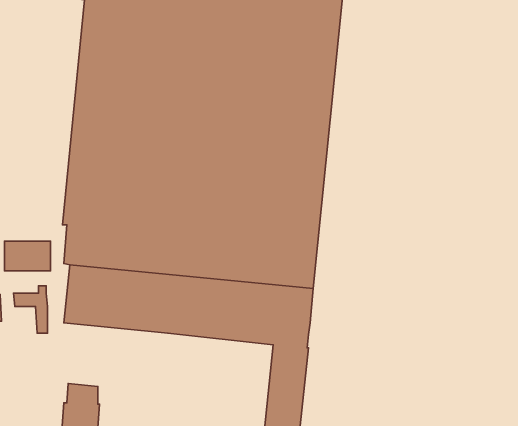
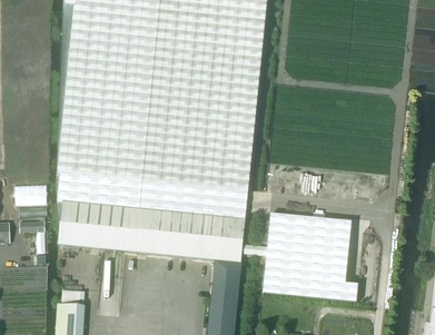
building: none -> [241,211,358,302]

